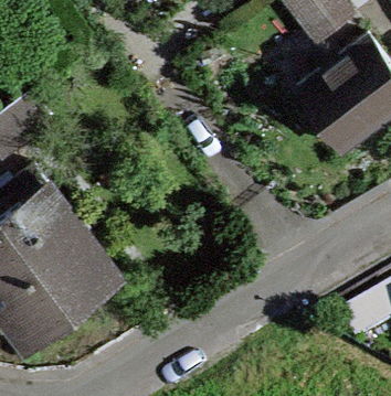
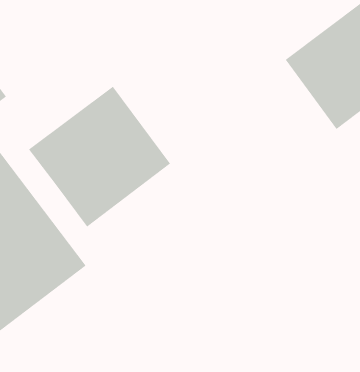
building: none -> [28,86,171,227]

